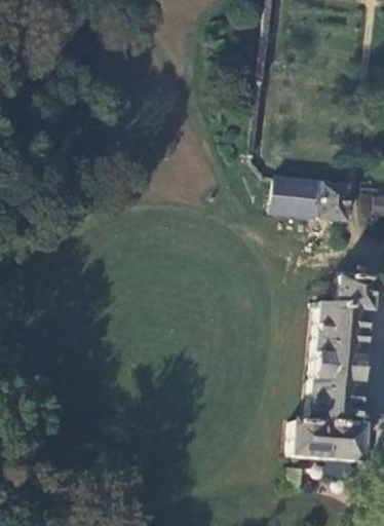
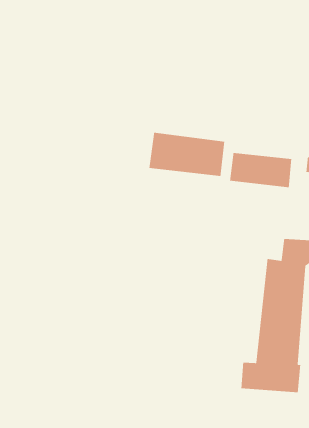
building: none -> [148,132,225,177]

